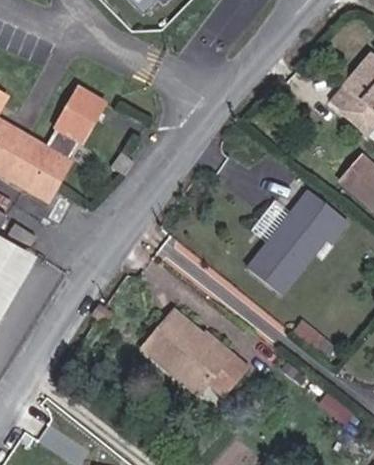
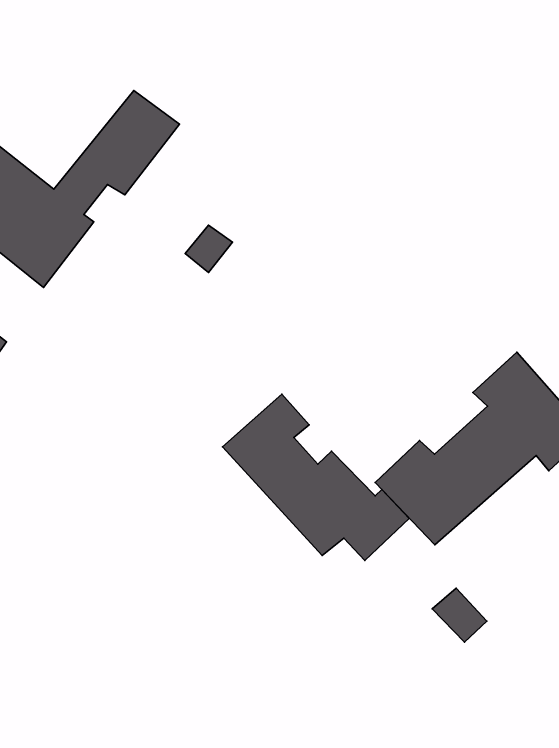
building: [250,207,297,254] -> none
building: [142,315,247,397] -> [222,394,409,560]

